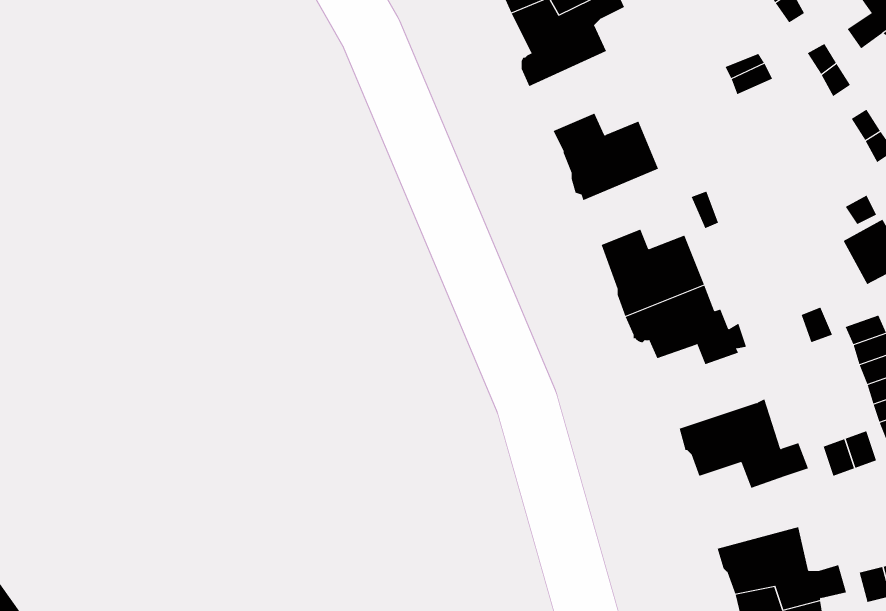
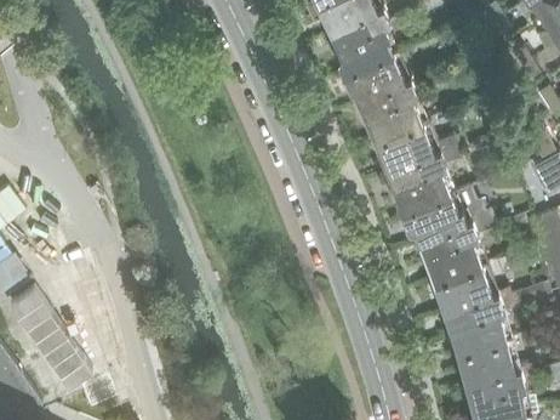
building: none -> [342,51,413,102]
building: none -> [375,123,442,171]
building: none -> [419,229,480,280]
building: none -> [445,301,505,353]

